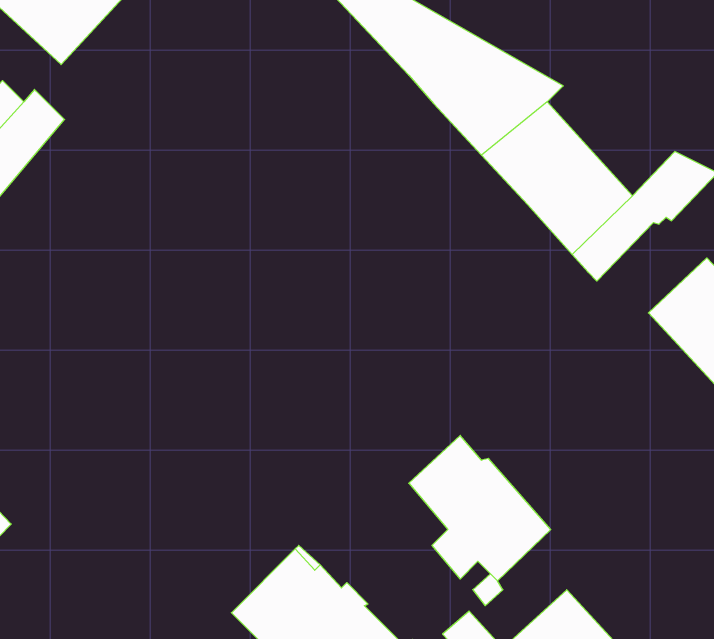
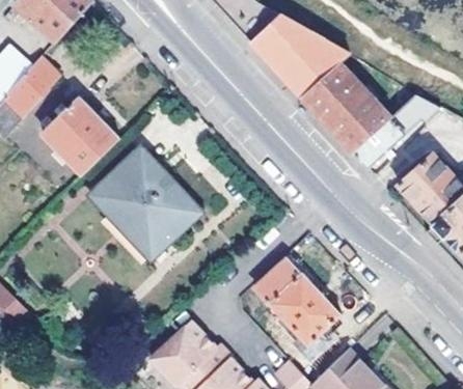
building: none -> [40,98,117,174]
building: none -> [92,152,192,254]

